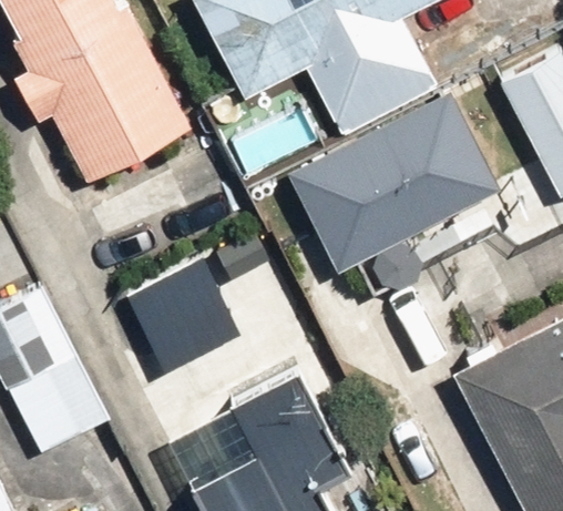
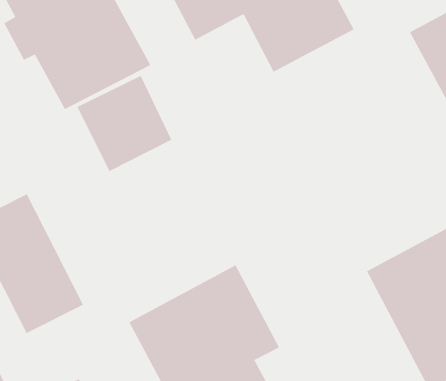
building: [290,96,501,275] -> none
building: [123,253,239,370] -> [76,75,172,172]

